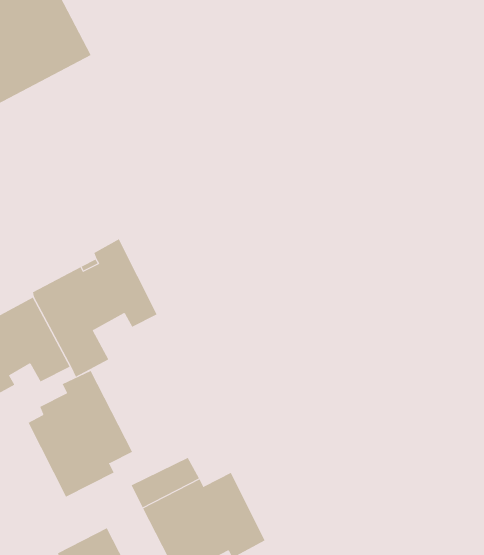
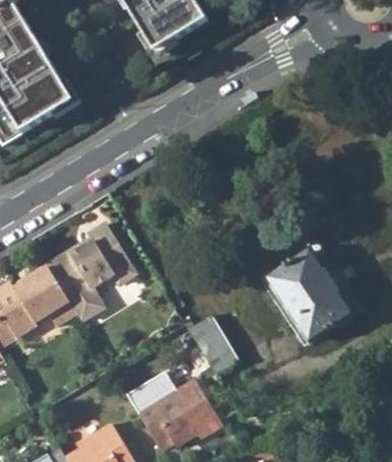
building: none -> [268,252,352,343]
building: [28,370,133,498] -> none
building: none -> [182,315,238,376]

